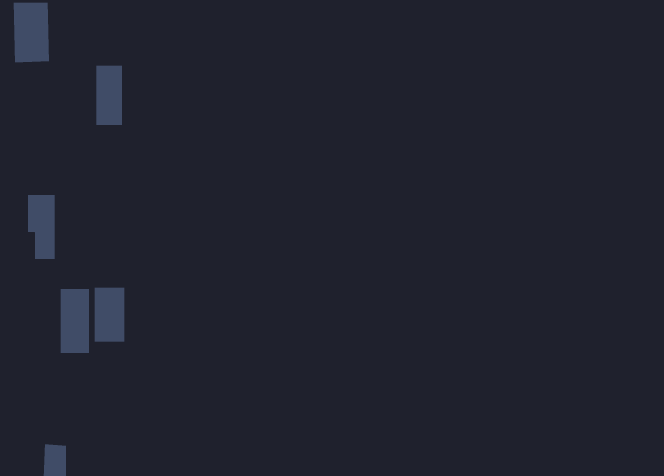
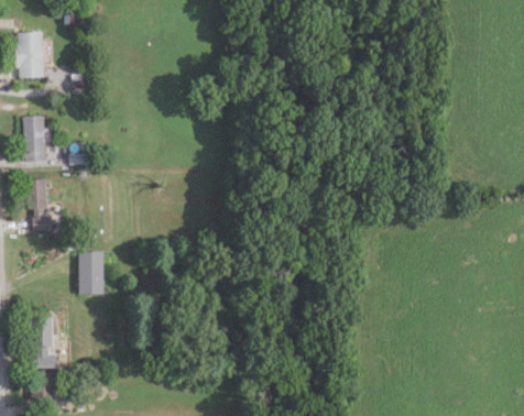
building: [96,65,123,126] -> [24,118,45,165]
building: [60,288,90,354] -> [32,318,55,369]

